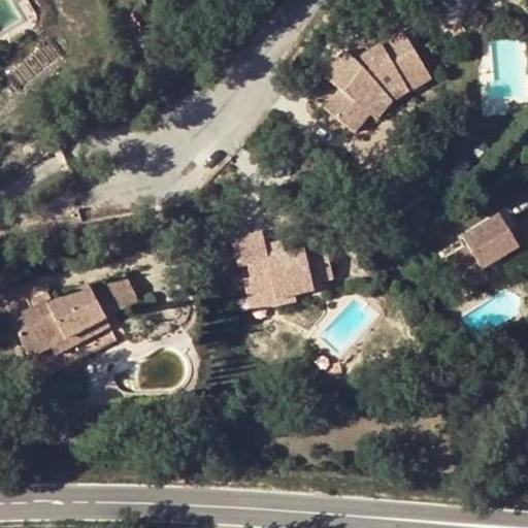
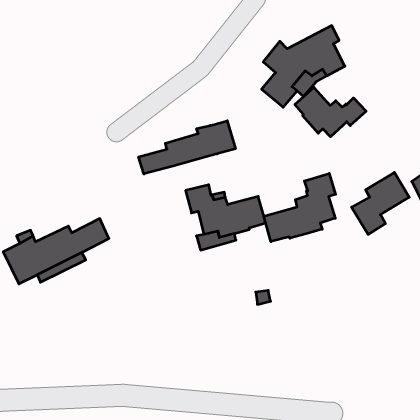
building: none -> [295,87,366,137]
building: none -> [139,121,235,174]
building: none -> [264,173,336,242]

